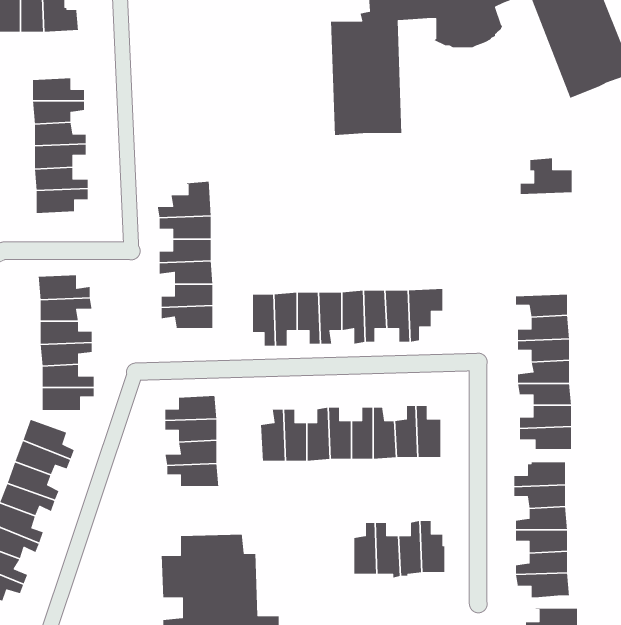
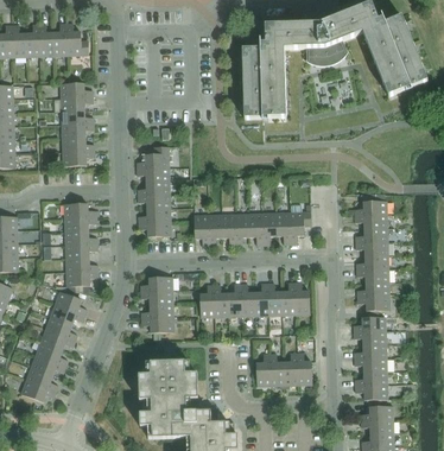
building: [520,158,572,195] -> [355,193,387,216]

